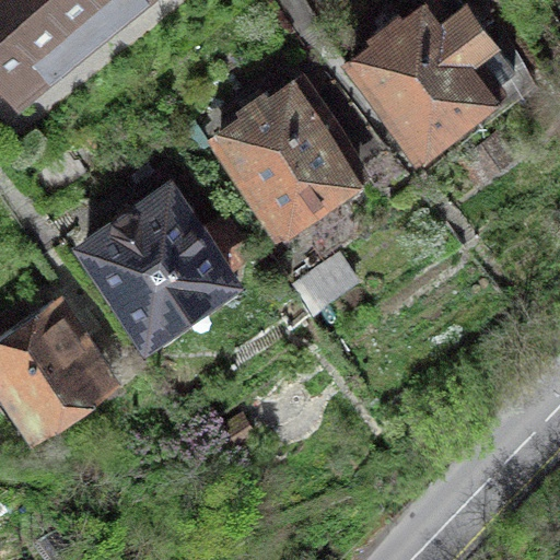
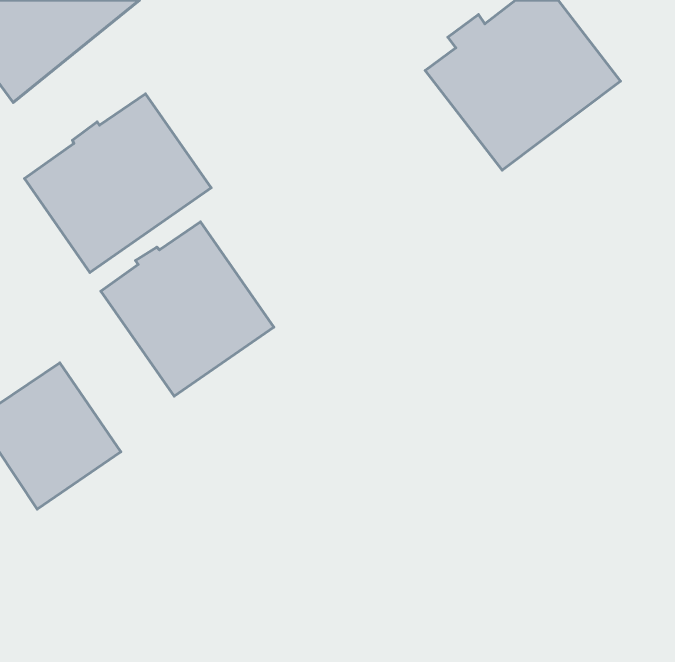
building: none -> [24,94,211,273]
building: [215,92,384,233] -> none

